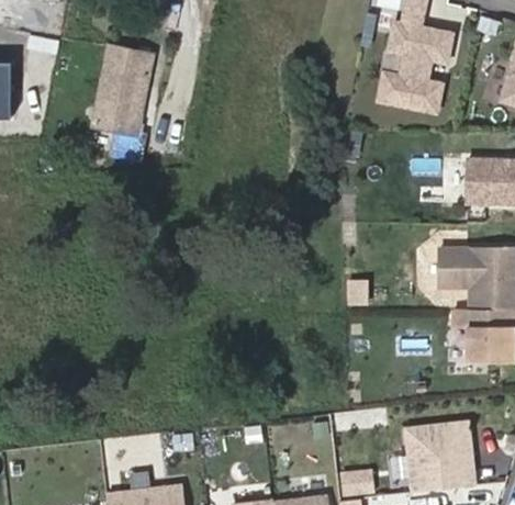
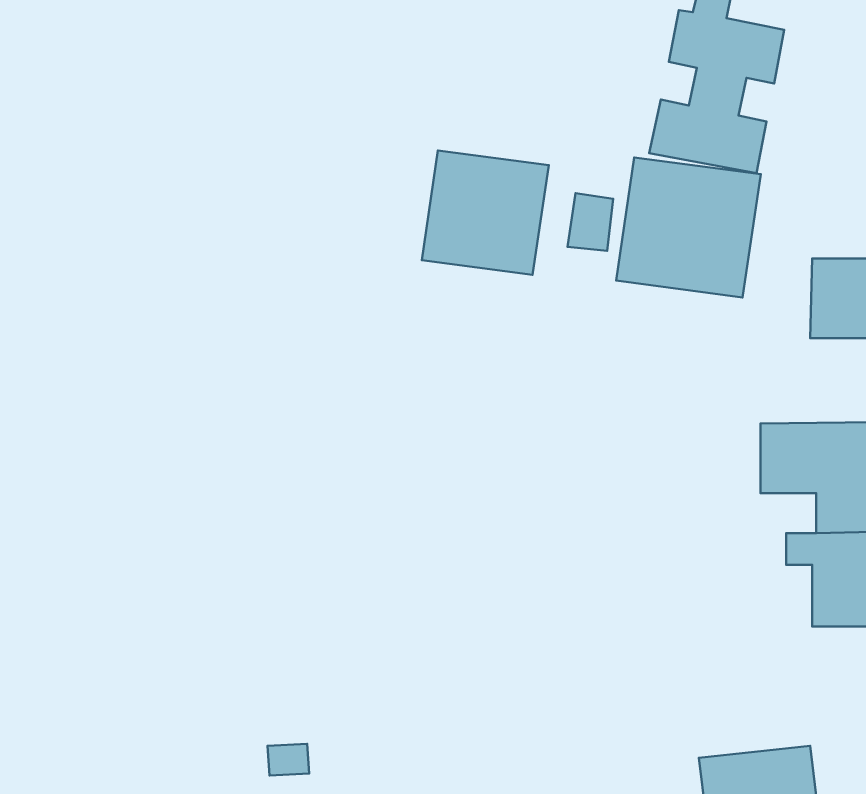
building: [92,48,153,139] -> none
building: none -> [422,150,549,275]
building: none -> [616,157,761,297]

